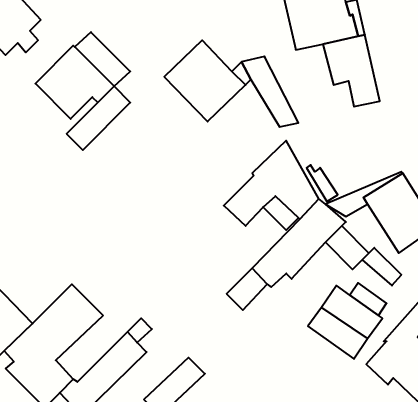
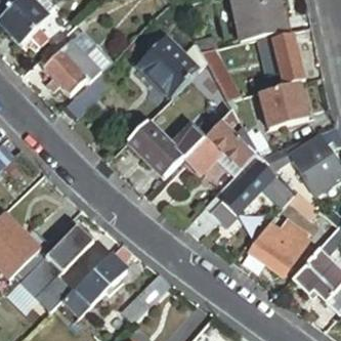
building: none -> [259,83,308,128]
building: none -> [128,122,204,178]

